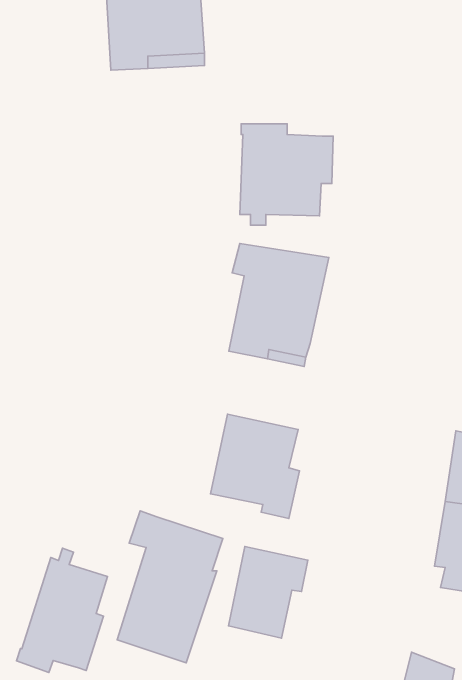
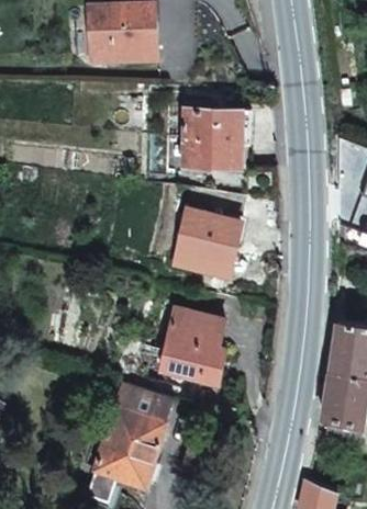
building: [228,547,308,638] -> none
building: [16,548,108,673] -> none

